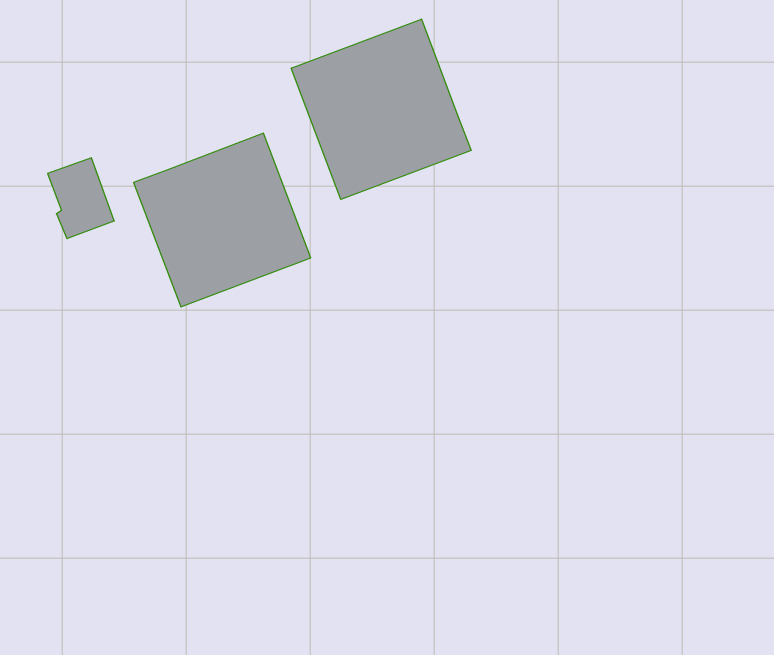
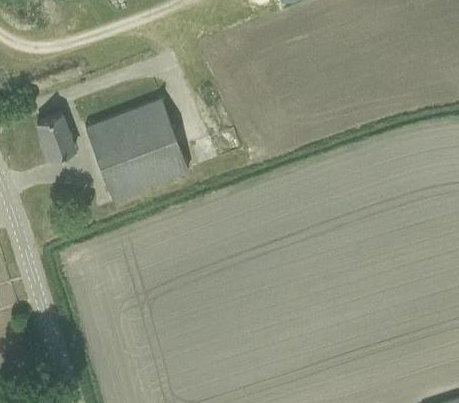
building: [291,19,471,199] -> none

